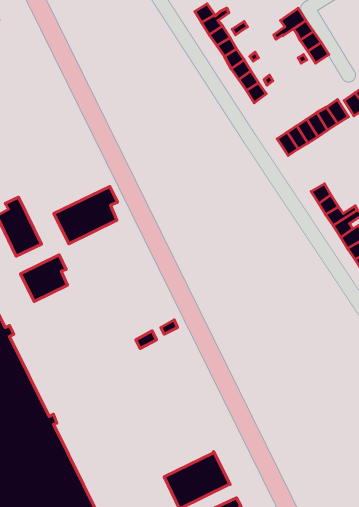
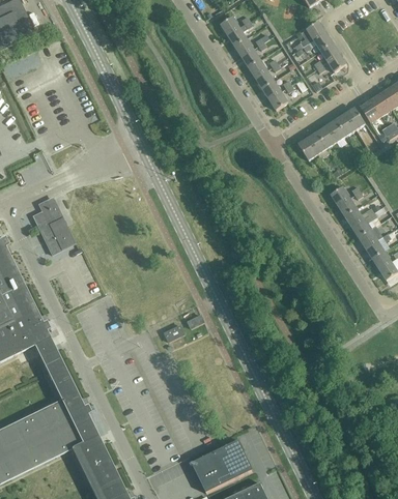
building: [54,186,117,244] -> none
building: [20,255,67,301] -> none

